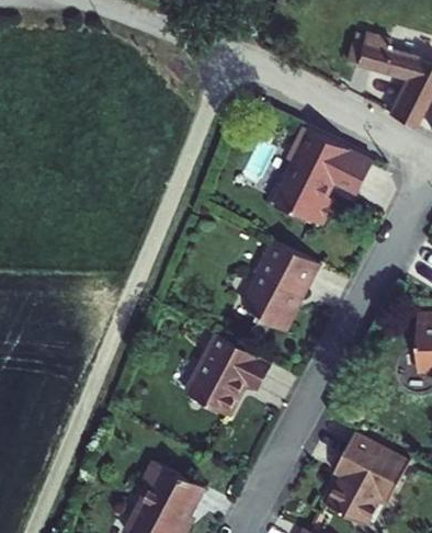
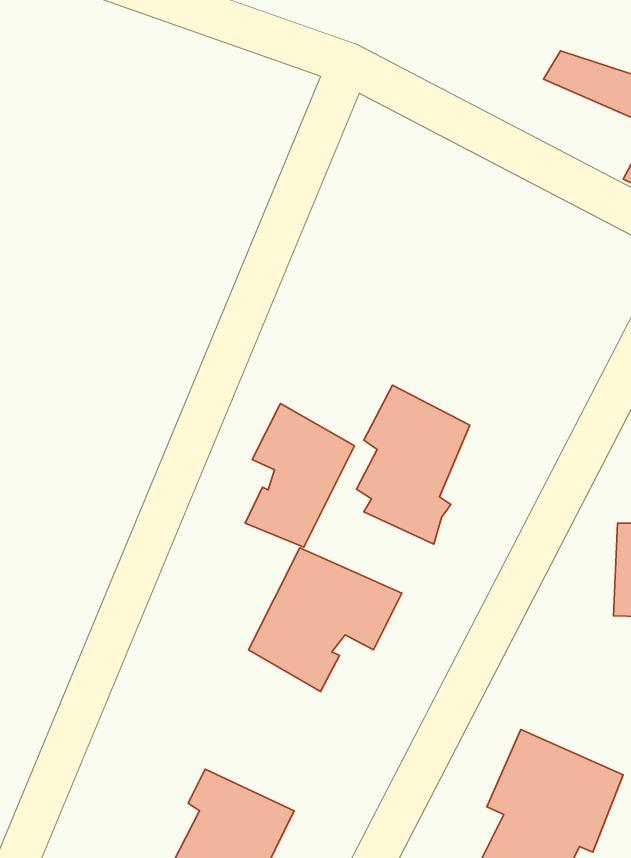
building: [261,125,371,229] -> none
building: none -> [245,403,354,547]

